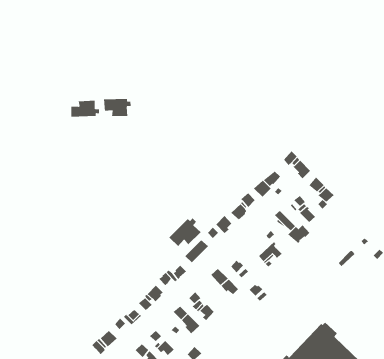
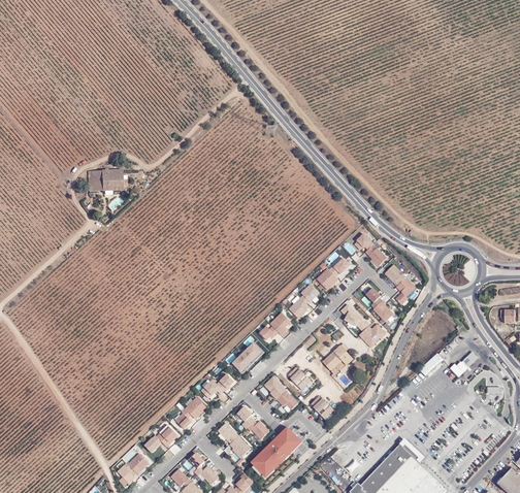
building: [104,98,131,117] -> none
building: [168,218,202,247] -> none
building: none -> [250,424,302,478]

